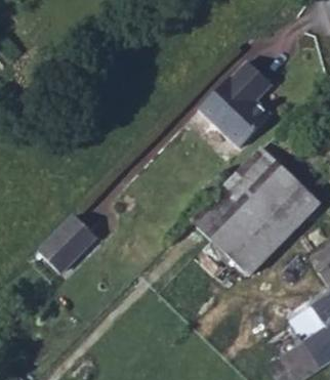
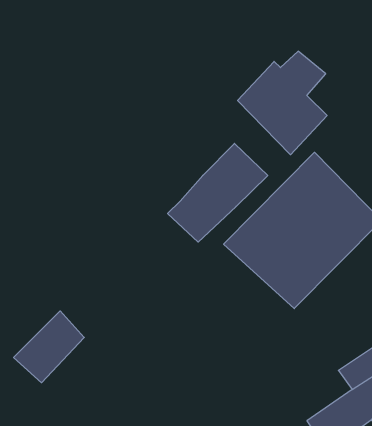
building: none -> [168,143,268,242]
building: [40,204,97,262] -> [14,311,84,383]

